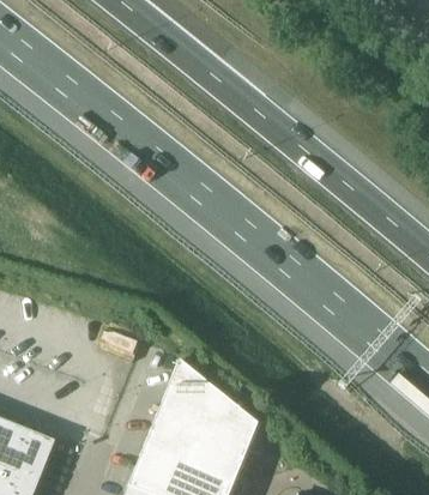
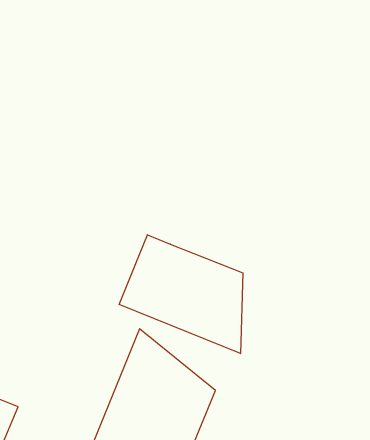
building: none -> [119,235,243,354]

